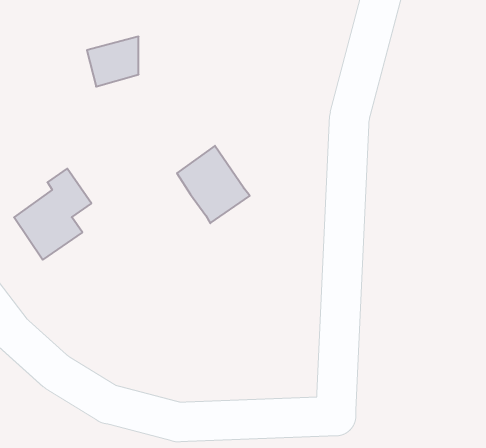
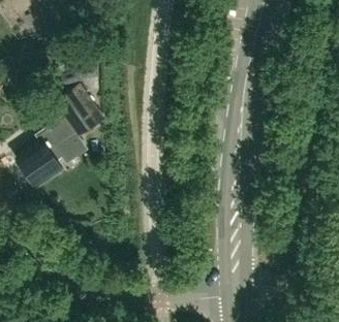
building: [177,146,250,223] -> [54,86,103,138]

